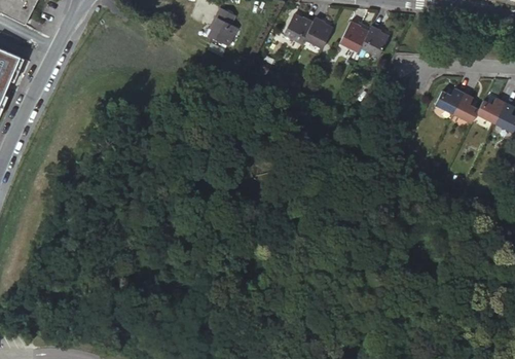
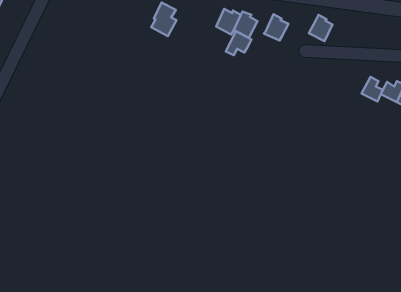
building: [360,26,388,57] -> [309,15,333,41]
building: none -> [226,31,252,55]
building: [435,88,464,113] -> none

